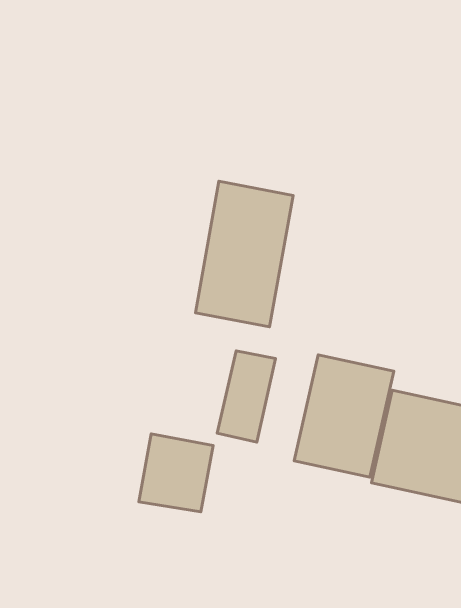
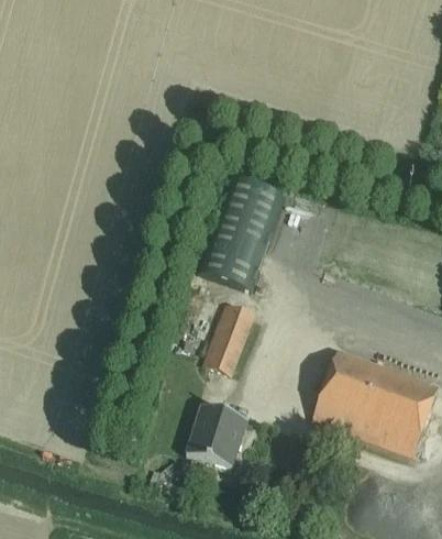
building: [294,355,394,477] -> none
building: [139,434,213,512] -> [186,404,247,468]

